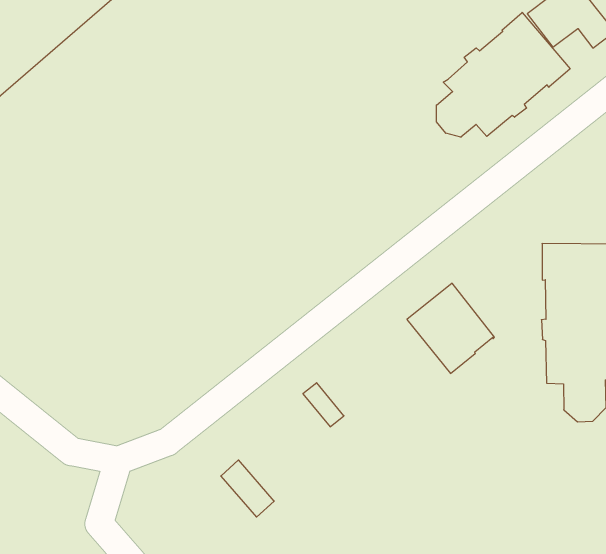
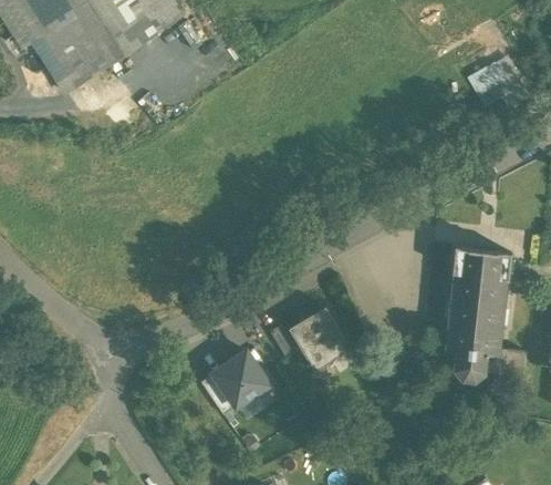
building: [436,12,570,137] -> none
building: [407,283,494,373] -> [287,307,349,372]
building: none -> [214,353,267,407]

